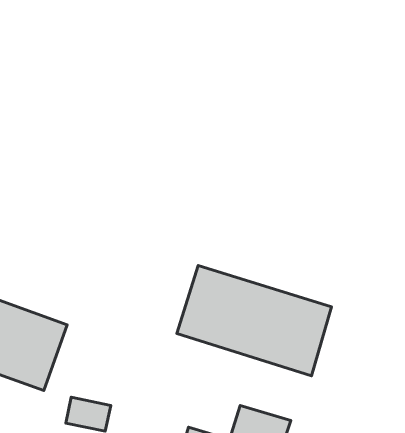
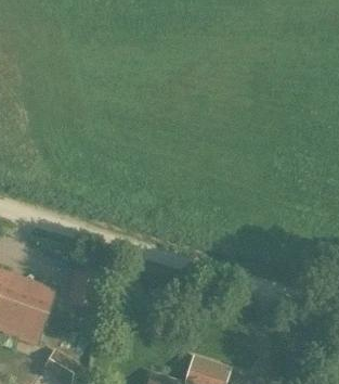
building: [177,266,331,376] -> none

